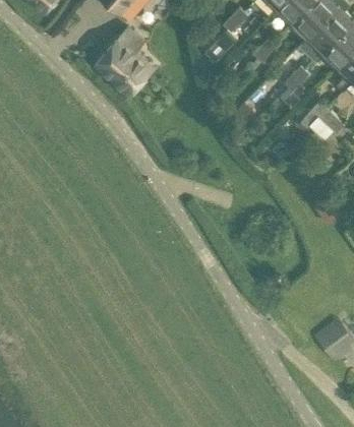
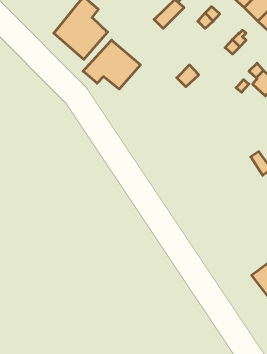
building: none -> [83,40,140,89]

